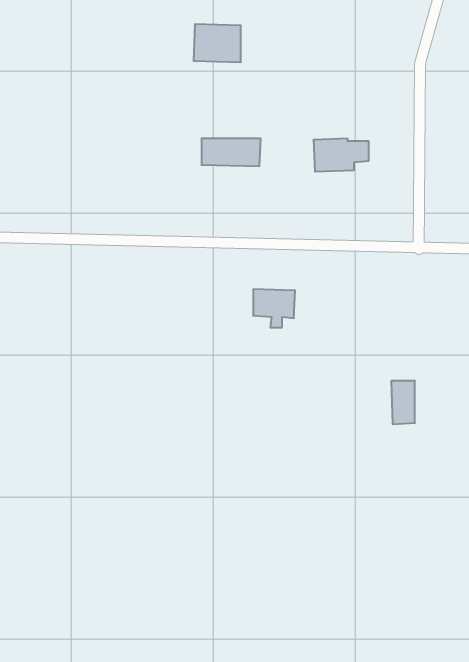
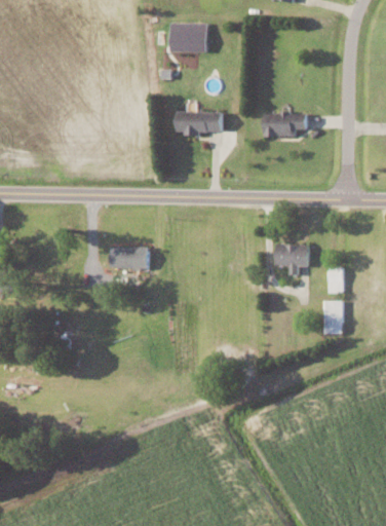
building: [253,289,295,327] -> [276,245,309,274]
building: none -> [110,248,149,269]
building: none -> [329,267,343,294]

